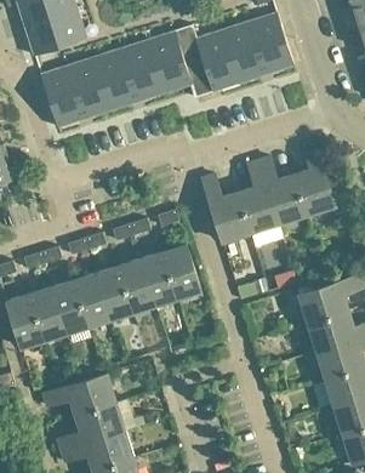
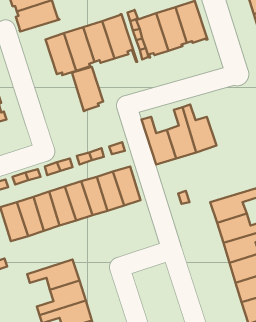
building: [40,67,84,129] -> [72,67,103,111]
building: [292,142,335,215] -> none

